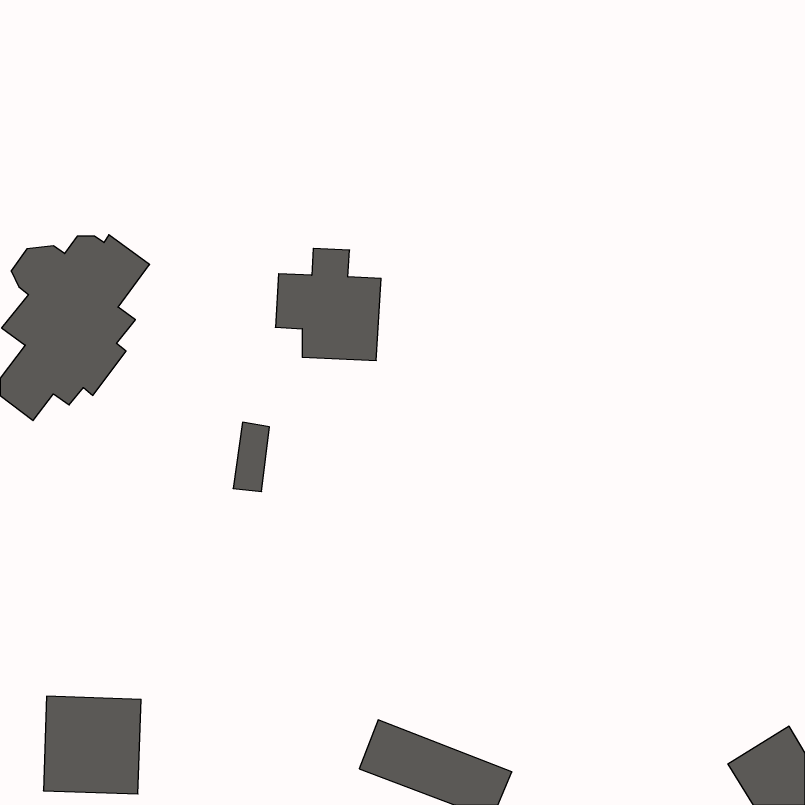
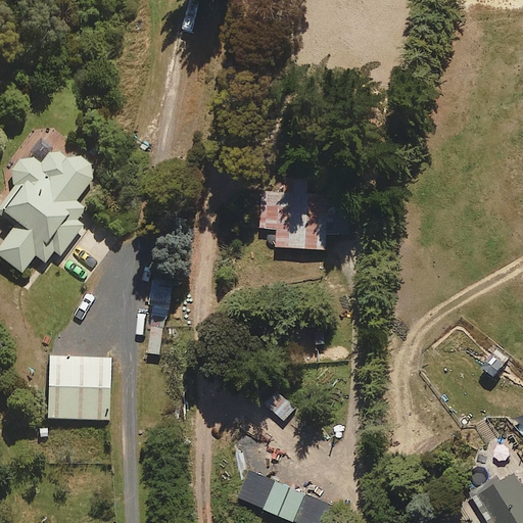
building: [275,248,381,360] -> [263,175,331,247]
building: [43,696,141,794] -> [47,358,110,421]

